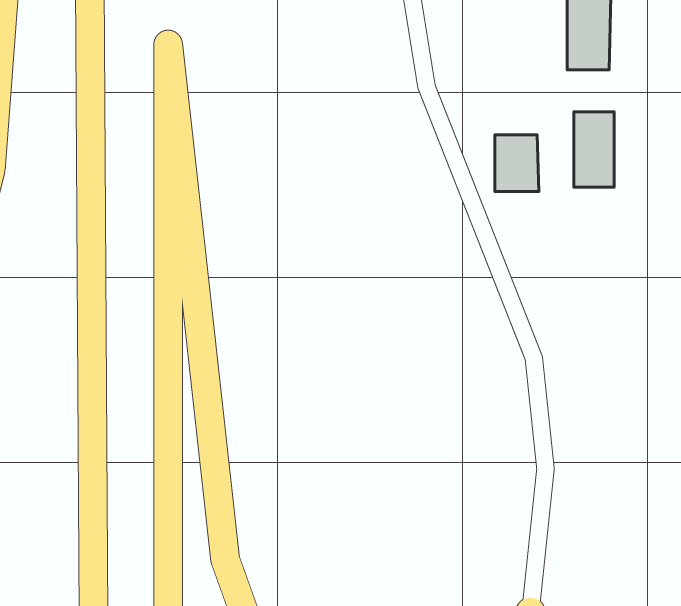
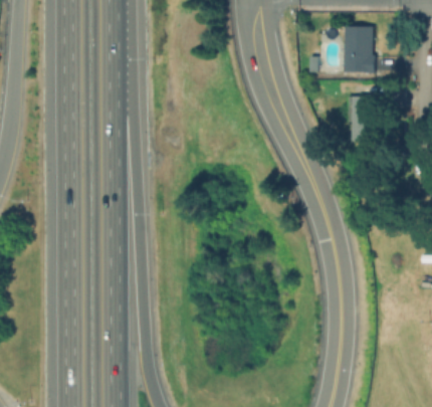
building: [495,135,539,192] -> none

